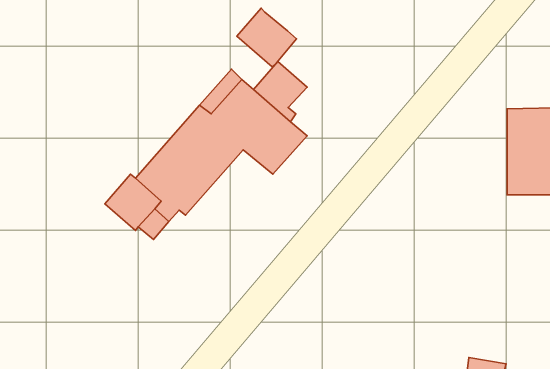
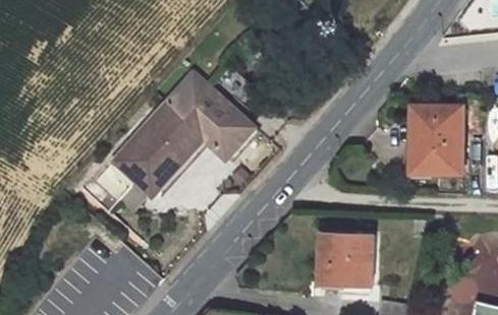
building: [237,8,297,67] -> none
building: none -> [319,237,372,286]

